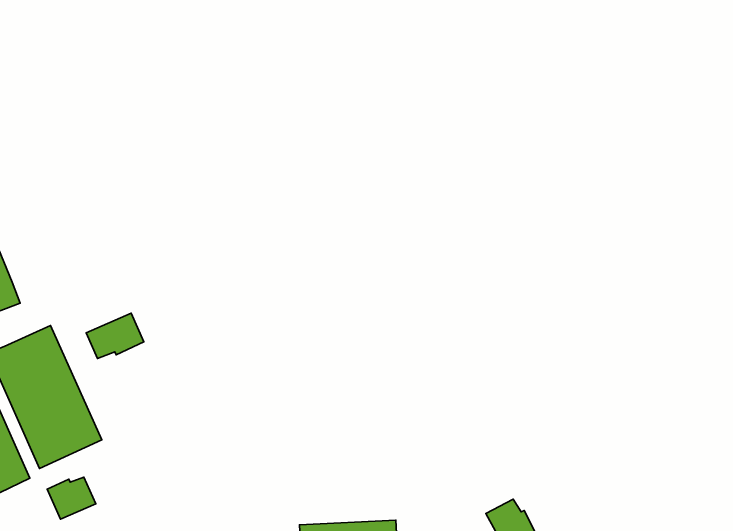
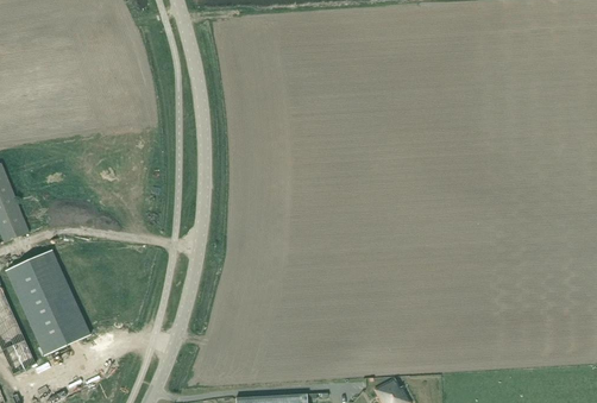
building: [86,313,144,358] -> none
building: [47,477,96,519] -> none

